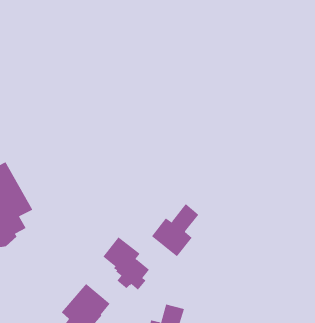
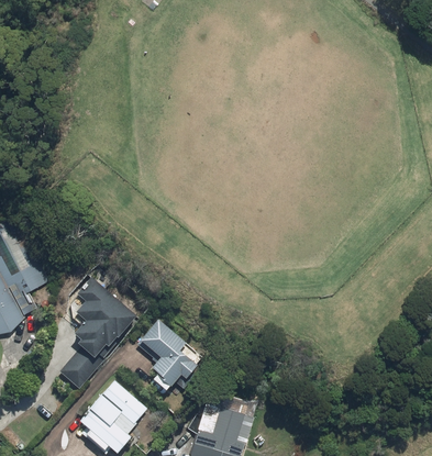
building: [151,203,199,257] -> none
building: none -> [58,278,135,388]

